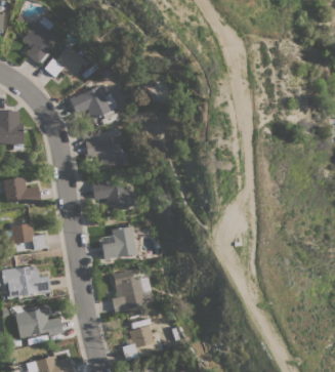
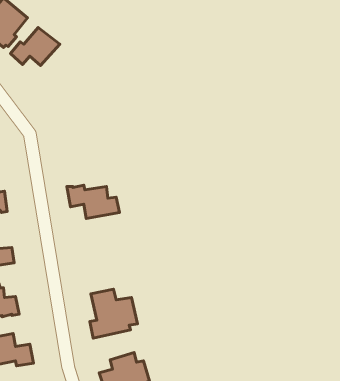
building: [69,85,118,119] -> none
building: [86,135,128,166] -> none
building: [101,224,141,259] -> none

